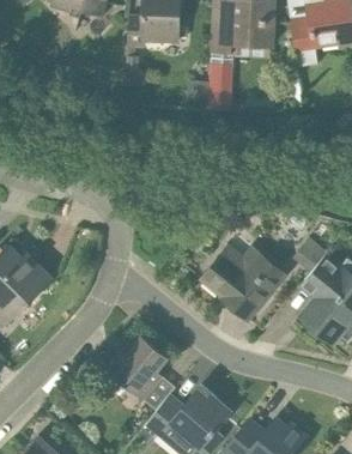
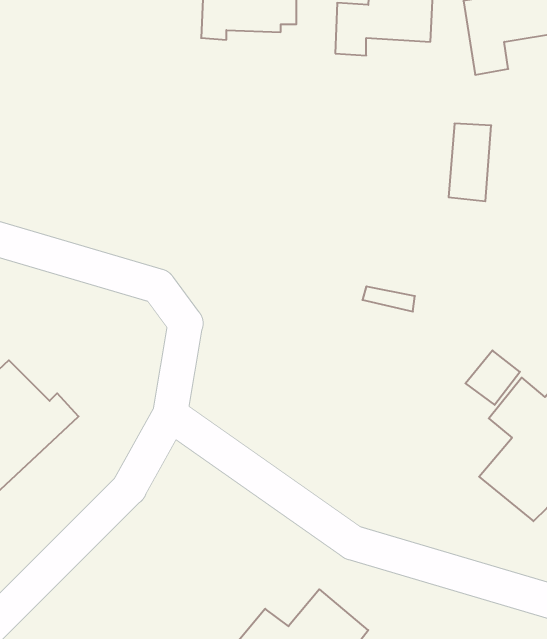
building: [207,62,233,110] -> [449,124,491,201]
building: [201,244,284,319] -> none
building: [101,334,169,400] -> none

